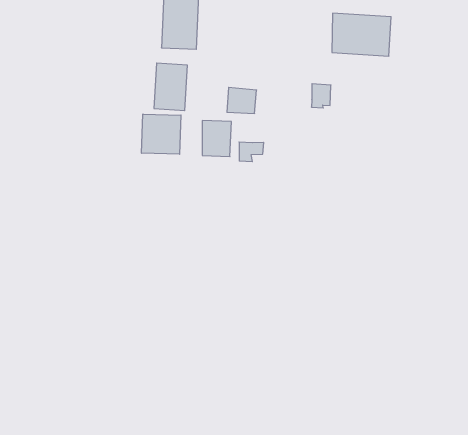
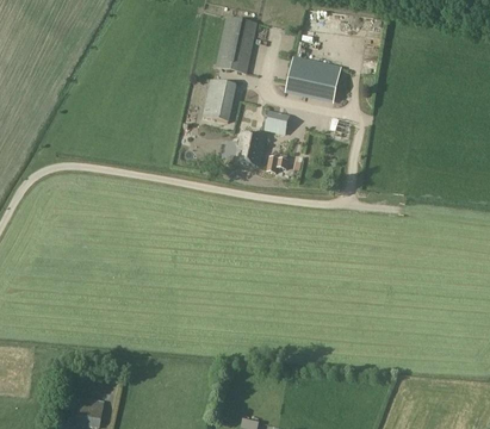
building: [332,13,391,56] -> [287,56,341,99]
building: [142,114,181,154] -> none

